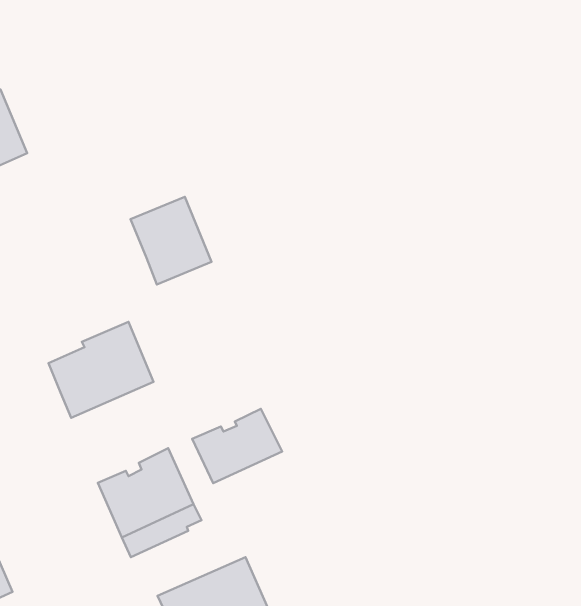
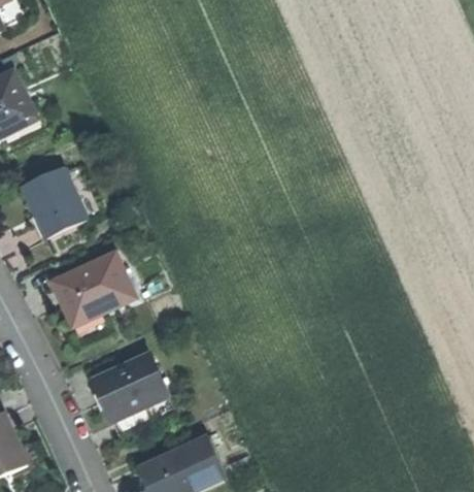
building: [130,197,212,284] -> [22,168,84,236]
building: [192,409,282,483] -> none

